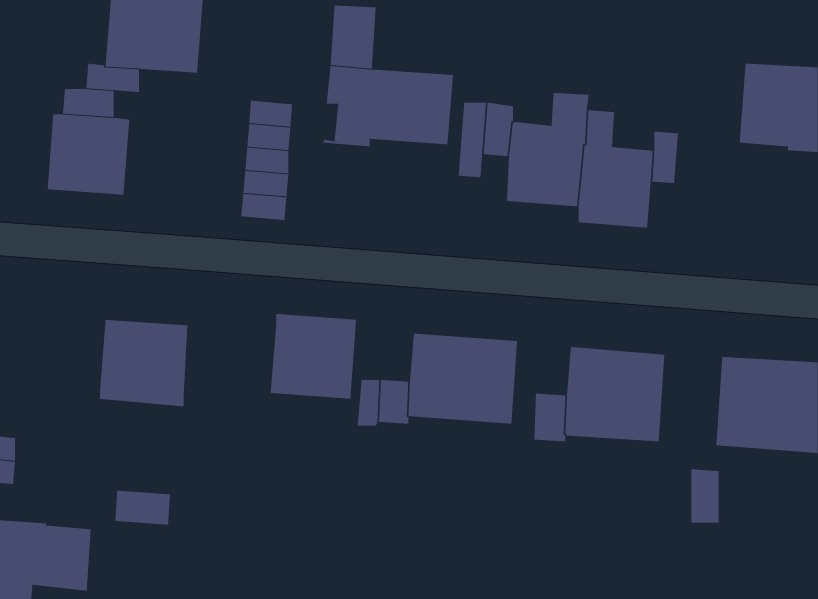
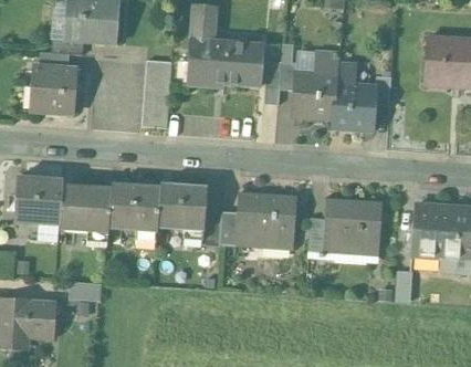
building: none -> [13,176,63,224]
building: none -> [108,182,160,230]

